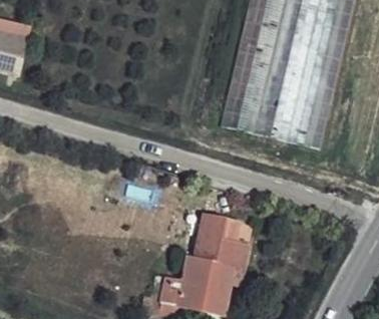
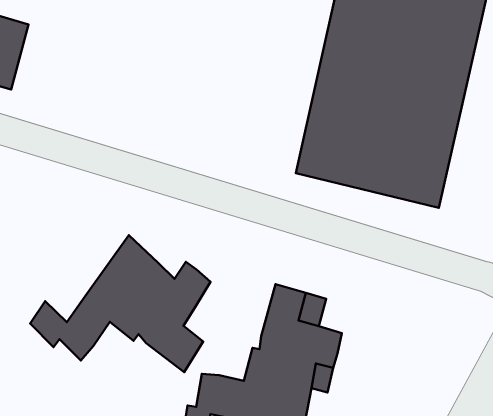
building: none -> [30,235,210,372]

